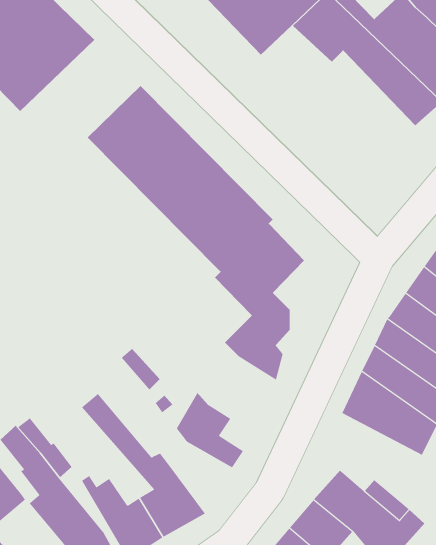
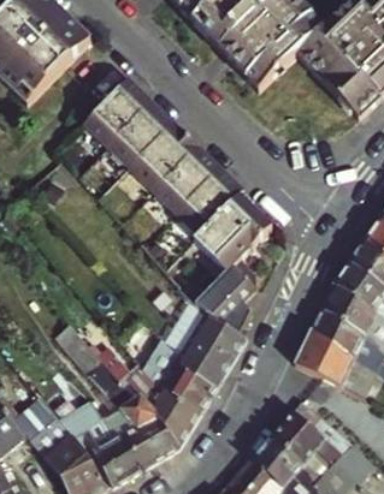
building: none -> [228,32,288,91]
building: none -> [169,286,247,394]
building: none -> [150,386,203,447]

